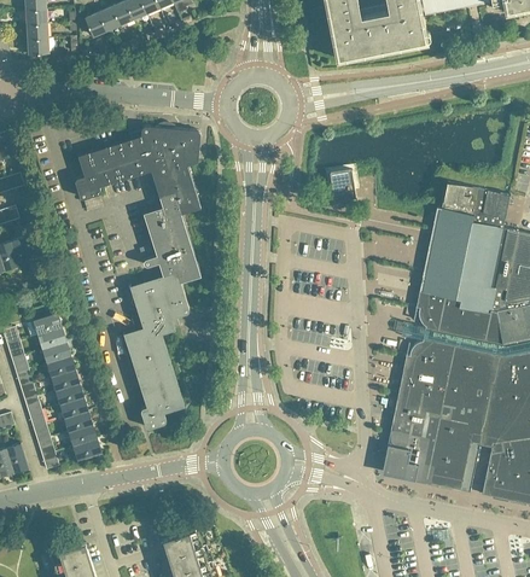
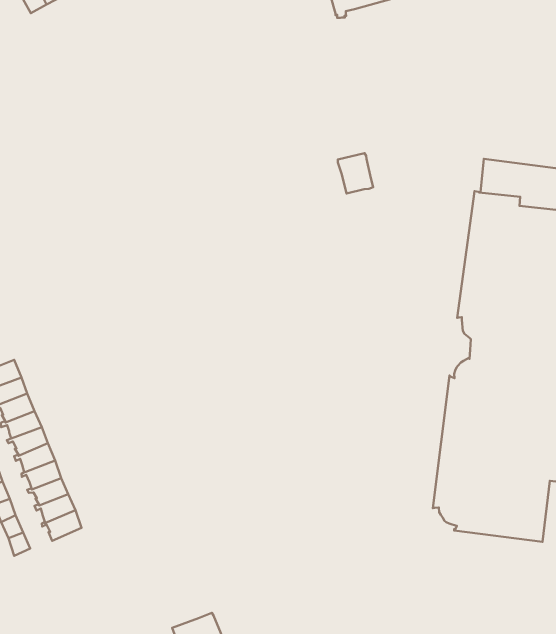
building: [75,123,200,429] -> none

